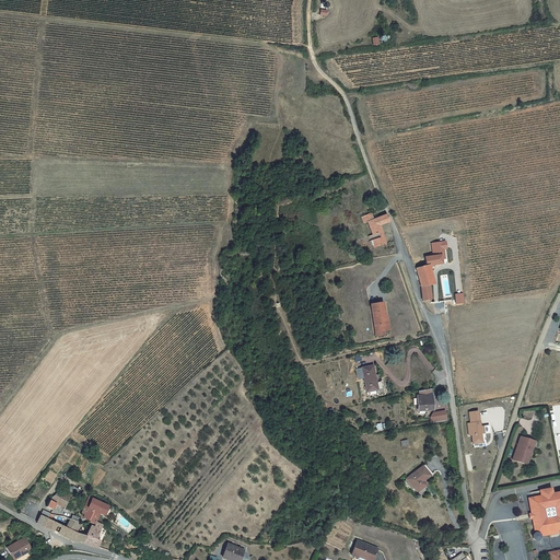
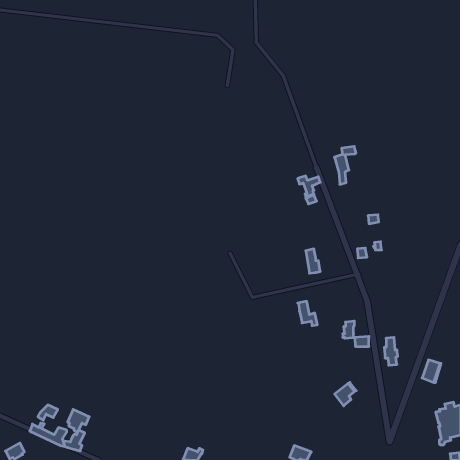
building: [417,255,443,301] -> [334,146,356,184]

